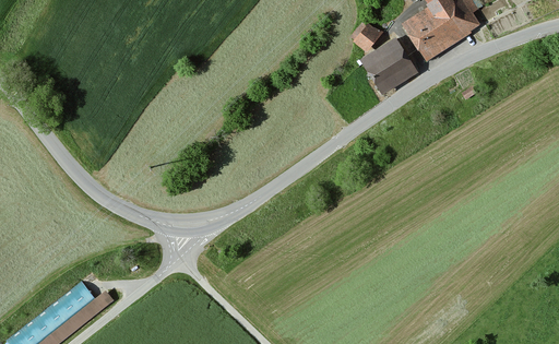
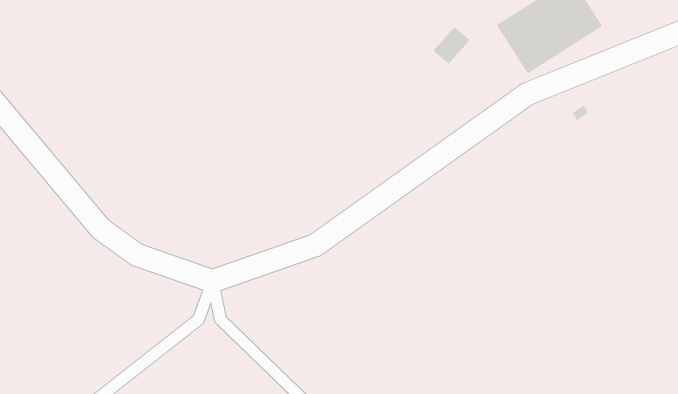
building: [358,37,415,92] -> none

